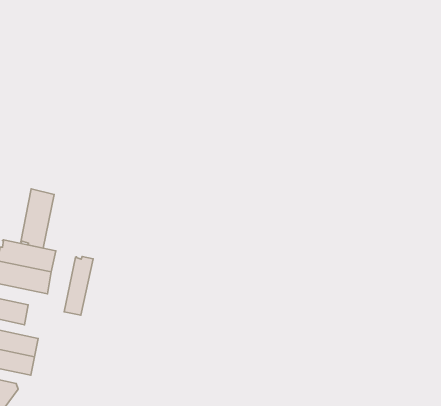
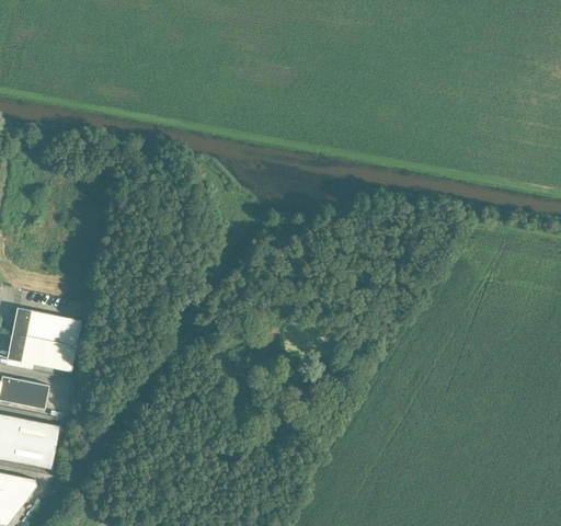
building: [21,189,54,248] -> none
building: [64,256,93,315] -> none

